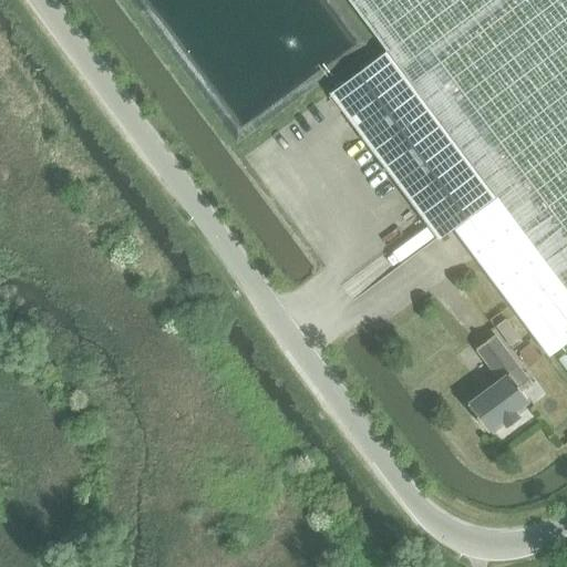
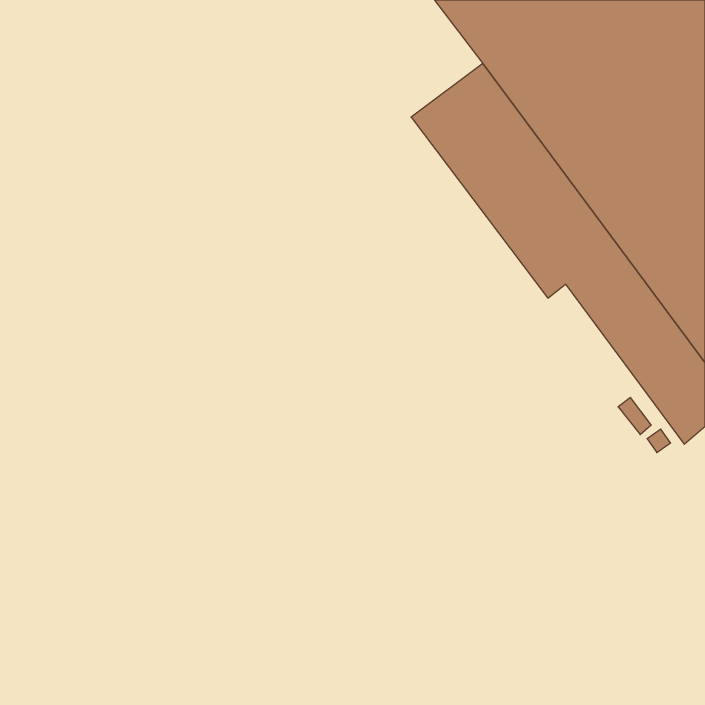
building: [468,336,529,432] -> none

